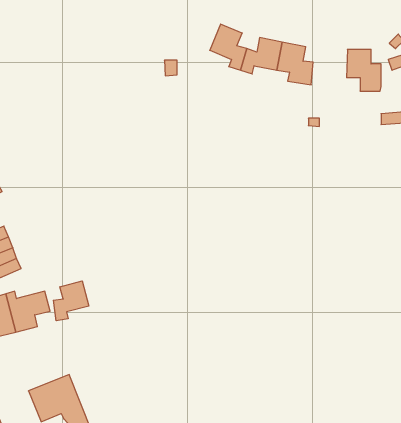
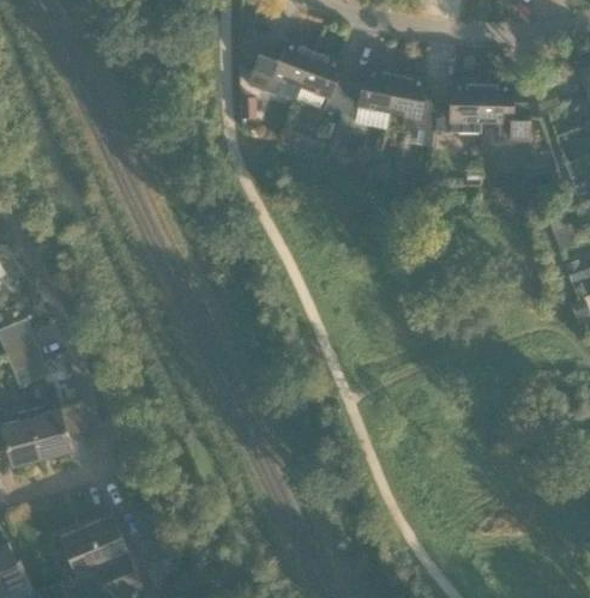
building: none -> [247,43,313,98]
building: none -> [433,86,481,135]
building: [53,281,89,321] -> none

